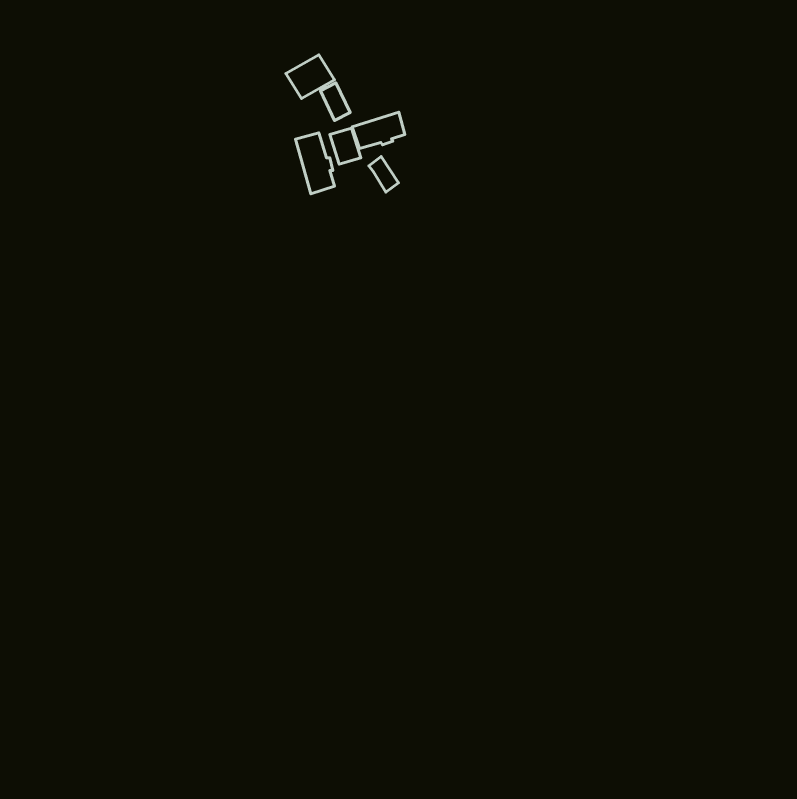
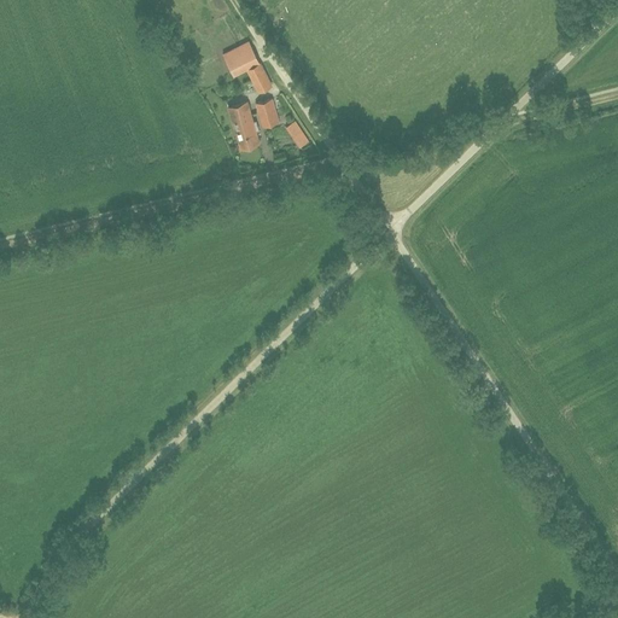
building: [352,112,405,149] -> none

